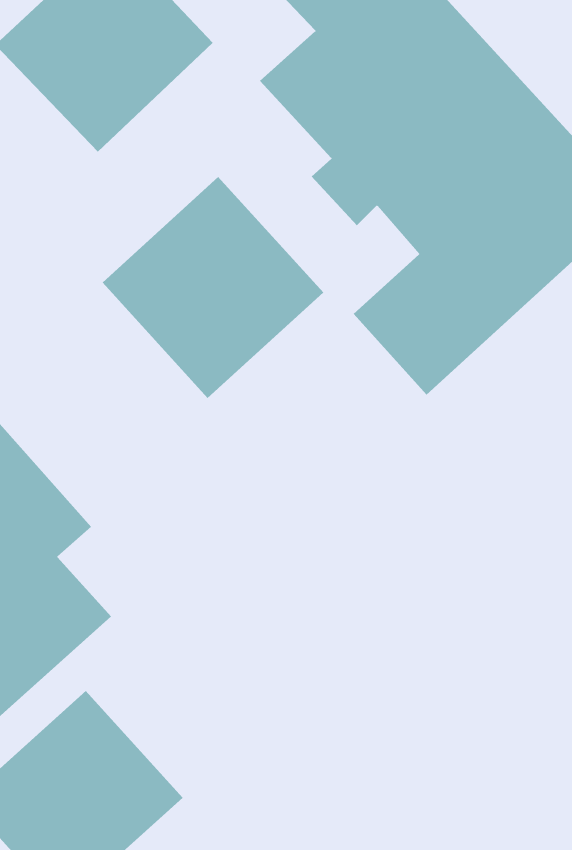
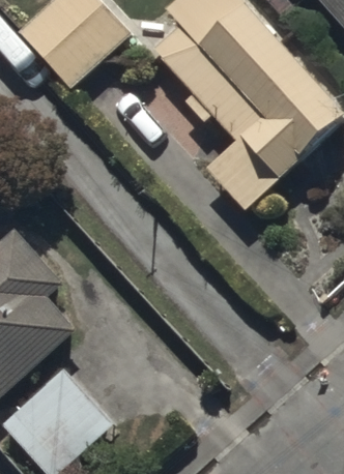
building: [102,176,324,399] -> none

